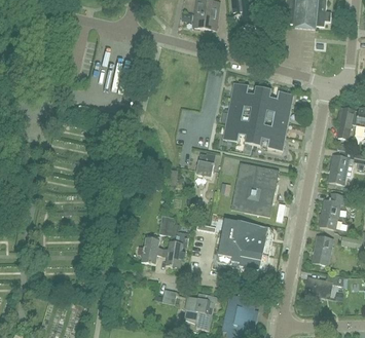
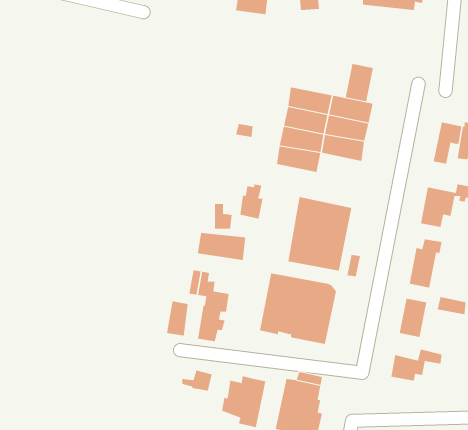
building: none -> [345,63,374,102]
building: [252,130,285,151] -> none
building: none -> [197,232,246,261]

